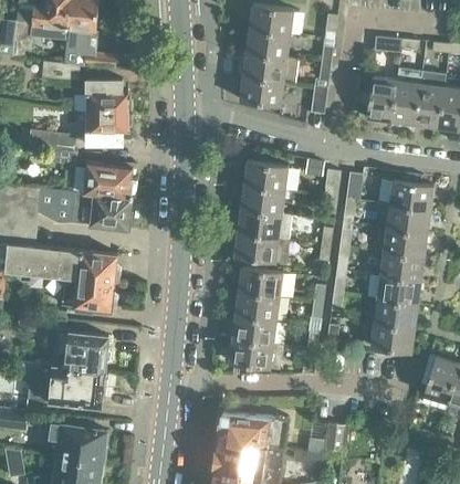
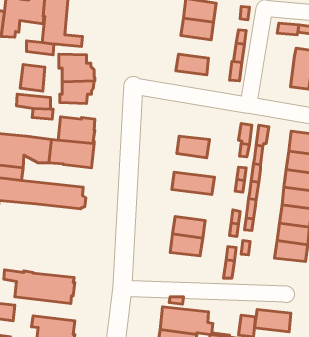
building: [242,54,285,84] -> none
building: [366,77,396,122] -> none
building: none -> [20,64,45,91]
building: [243,161,286,191] -> none
building: [237,210,293,241] -> none
building: [238,267,281,298] -> none
building: [50,276,116,313] -> none
building: [15,315,108,373] -> none
building: [228,340,282,370] -> none
building: none -> [254,310,291,332]

